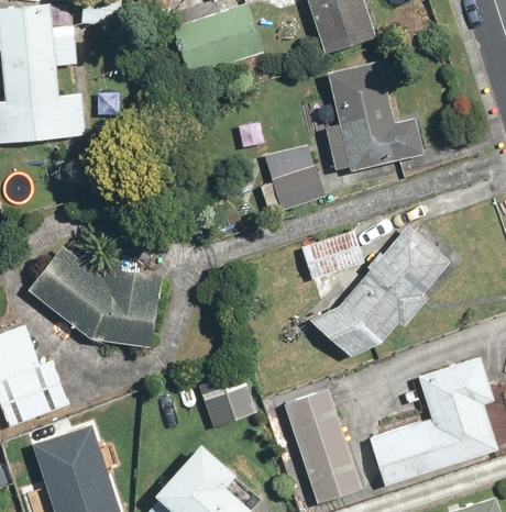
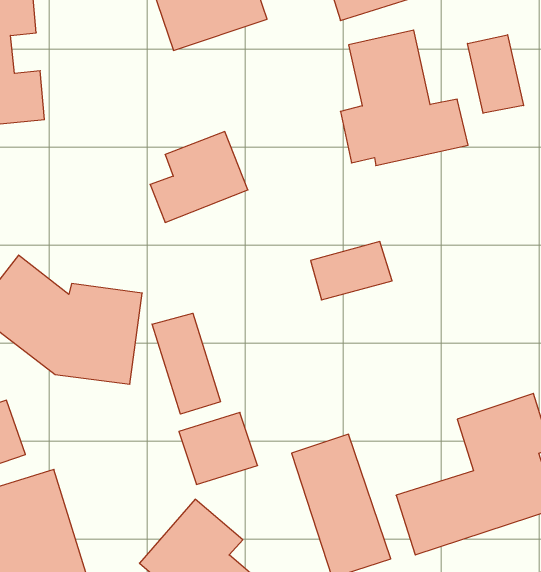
building: none -> [468,35,524,113]
building: [254,142,333,215] -> [150,132,248,222]
building: [309,226,451,357] -> none
building: none -> [152,313,221,414]

